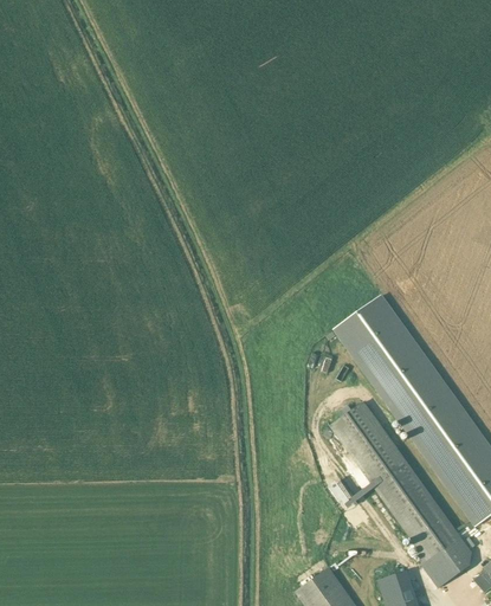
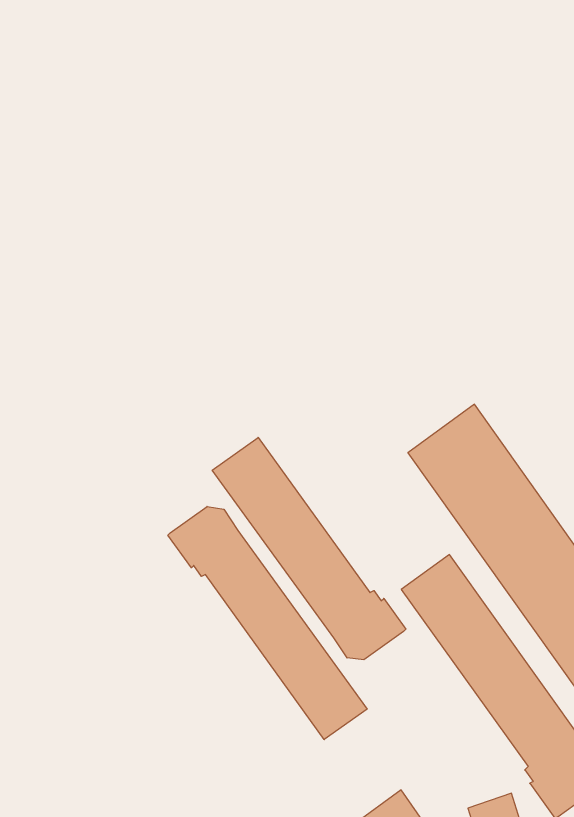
building: none -> [212,437,406,660]
building: none -> [168,506,367,740]

